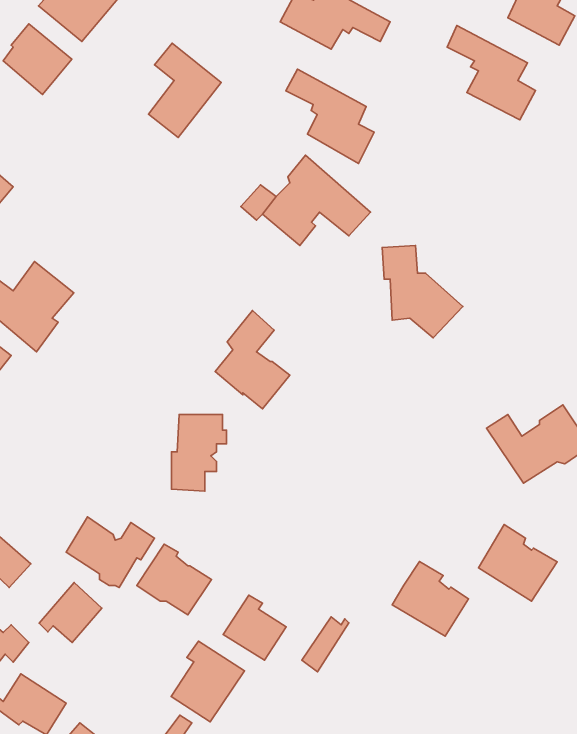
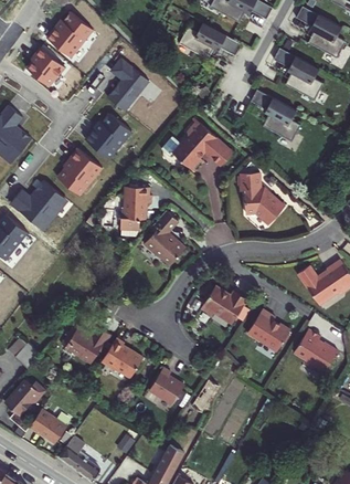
building: [286,69,374,164] -> [252,88,301,141]
building: none -> [84,112,130,157]
building: none -> [56,146,102,193]
building: [171,414,226,491] -> [120,186,151,229]
building: none -> [200,284,246,323]
building: [392,562,469,636] -> [246,307,289,349]
building: [39,583,102,643] -> none
building: [171,641,245,722] -> none

